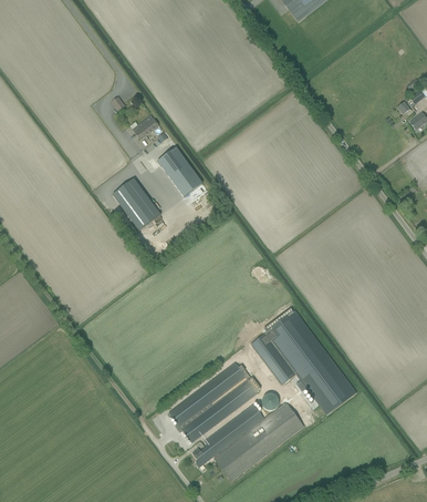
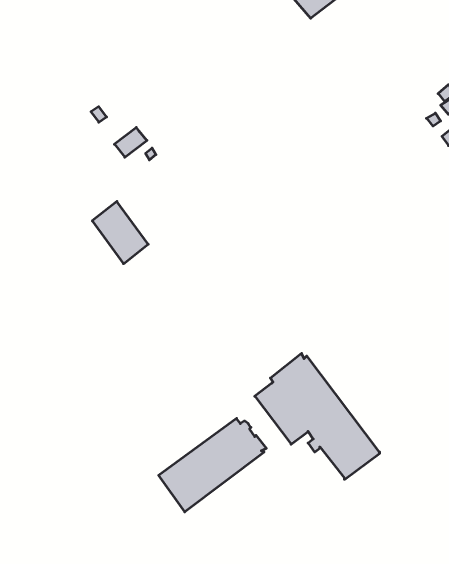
building: [157,146,202,196] -> none
building: [192,402,304,481] -> none

